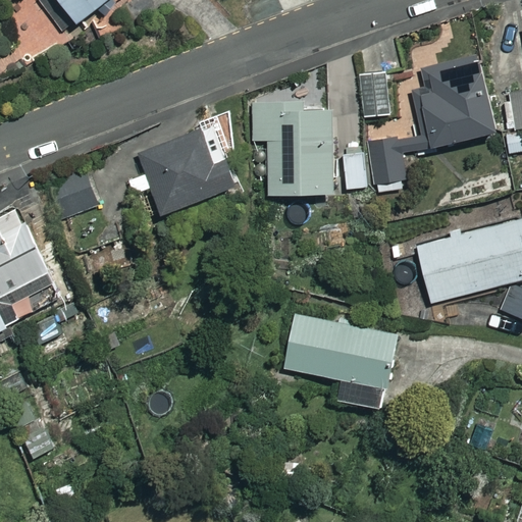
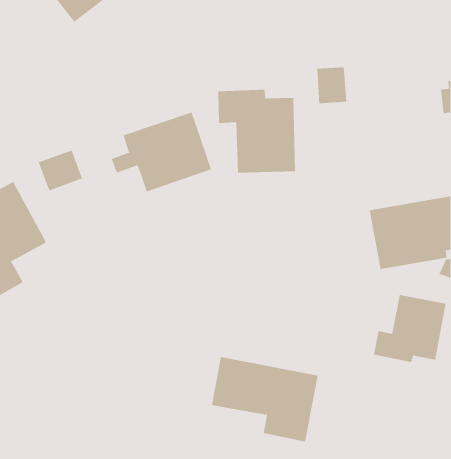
building: [343,59,498,184] -> none
building: [280,313,402,410] -> [211,356,319,442]
building: none -> [373,294,446,363]

